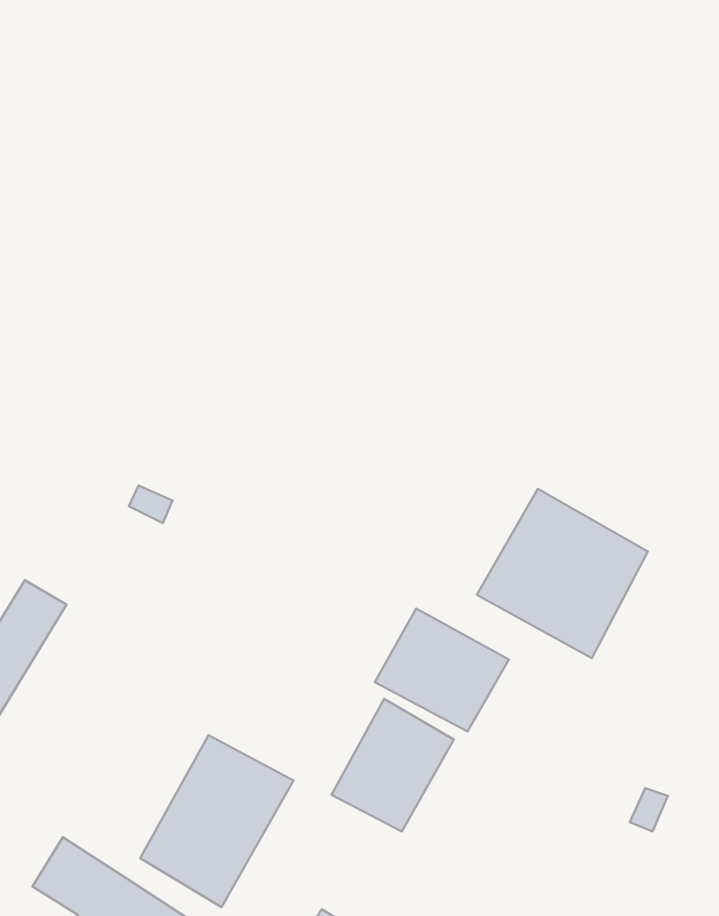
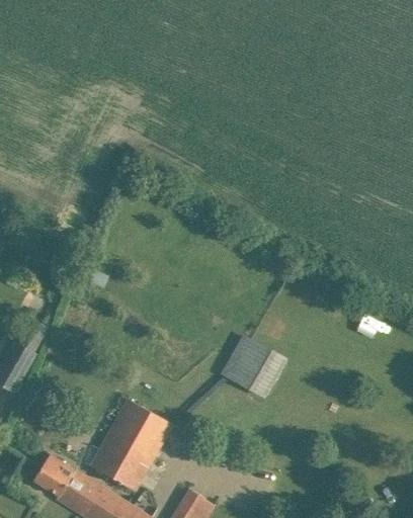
building: [477,489,648,658] -> none
building: [331,699,454,831] -> none

